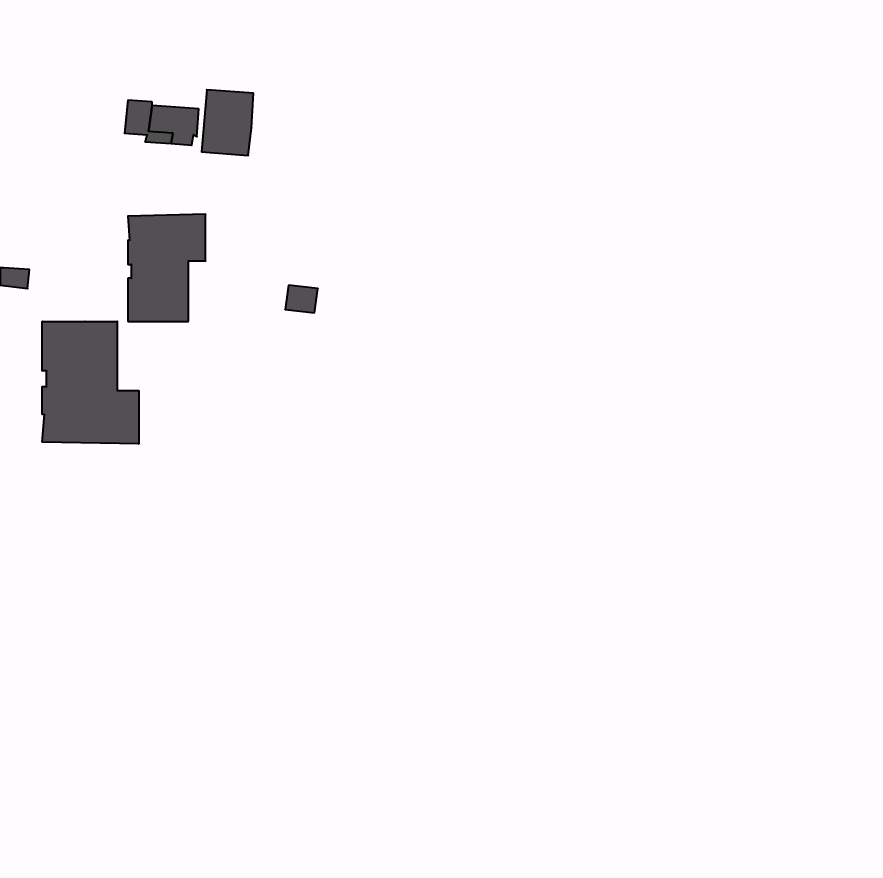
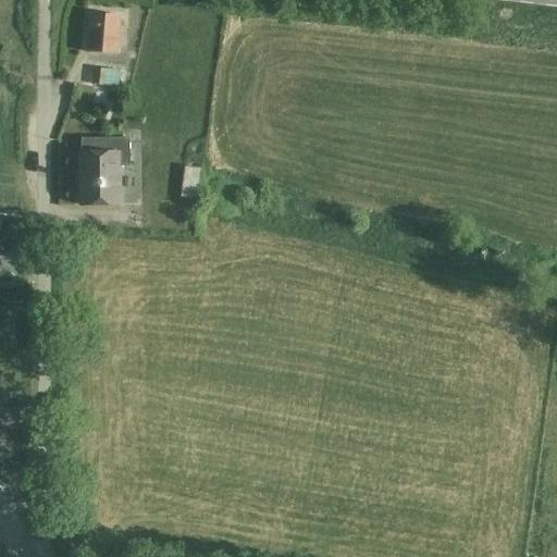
building: [202,90,253,155] -> [87,11,120,52]
building: [42,321,139,444] -> none

